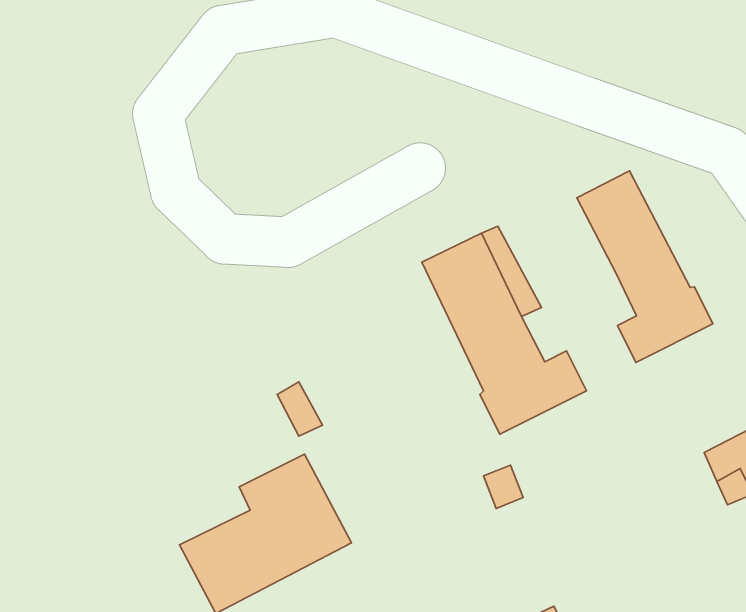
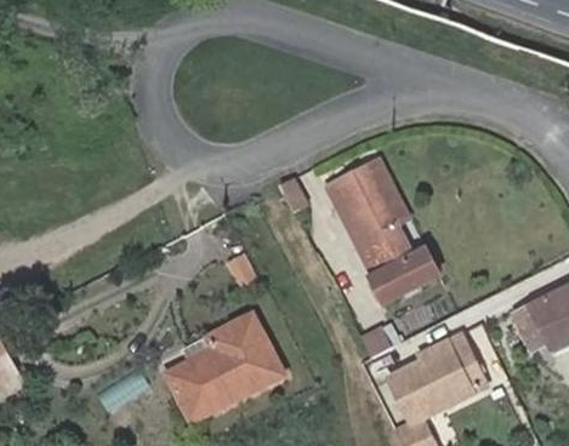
building: [577,171,713,362] -> none
building: none -> [387,332,483,417]

